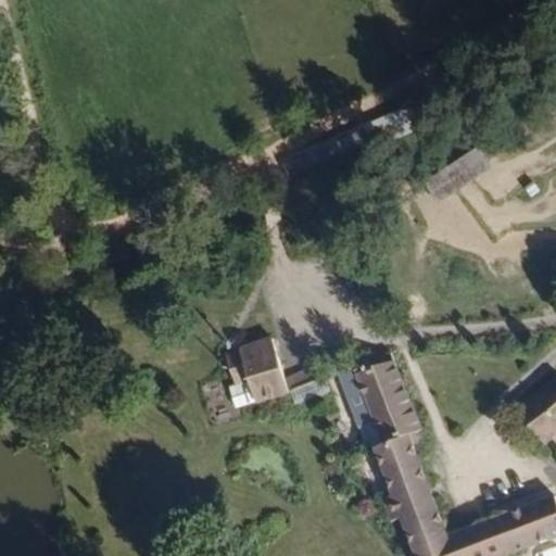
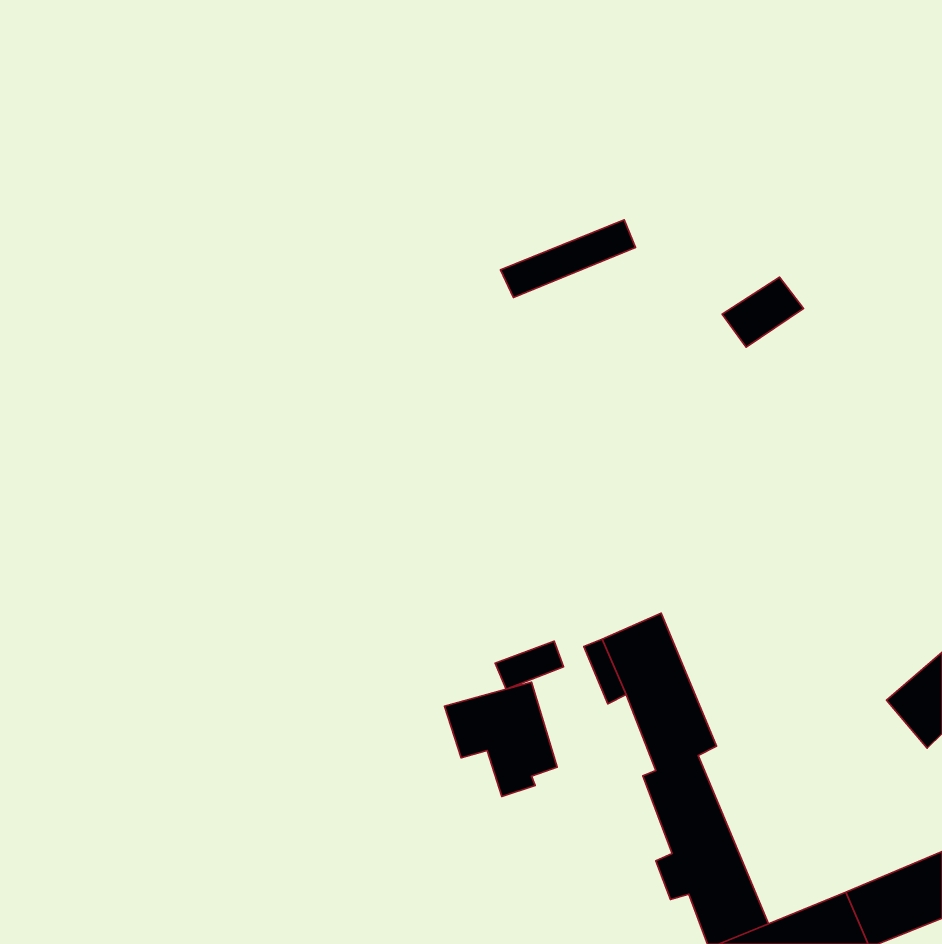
building: [224,337,290,404] -> [445,682,557,797]

